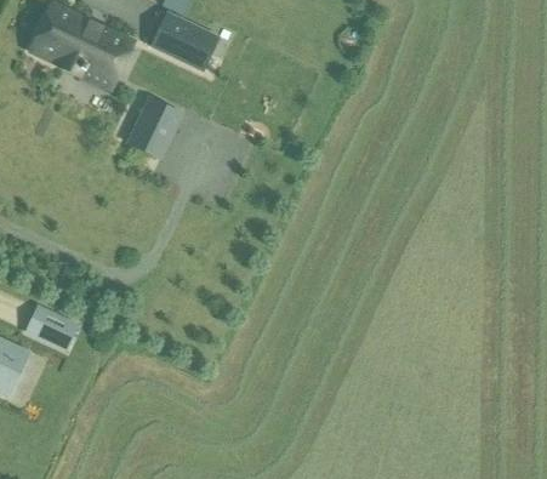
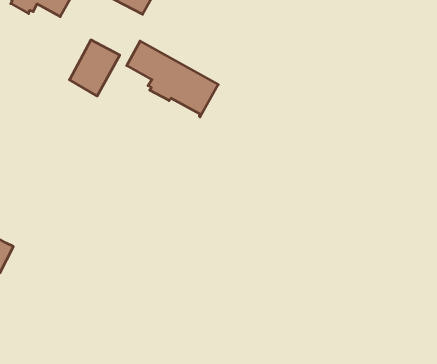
building: none -> [127,41,218,117]

